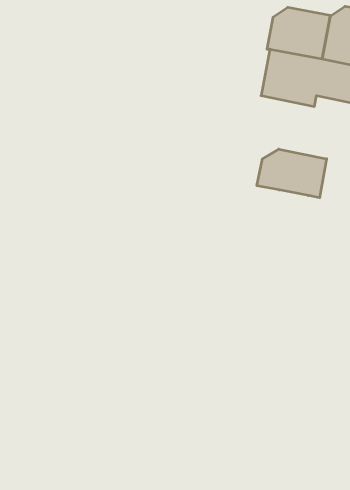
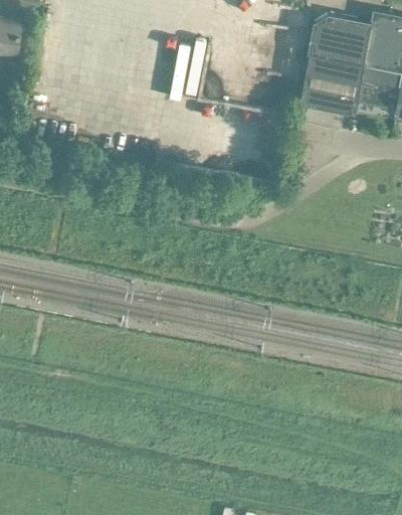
building: [257,149,327,198] -> none

